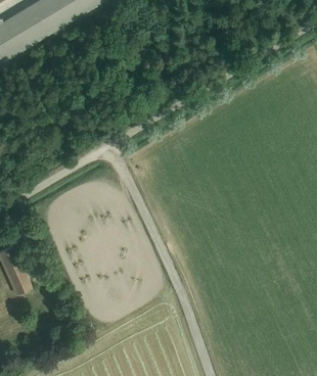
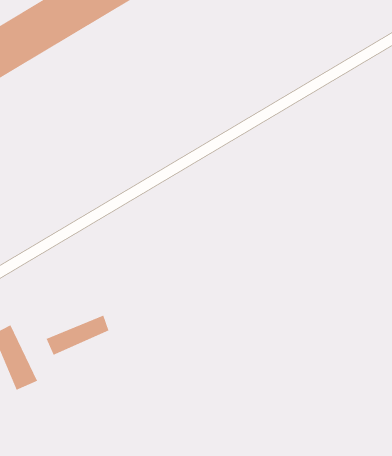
building: none -> [45,315,110,356]

